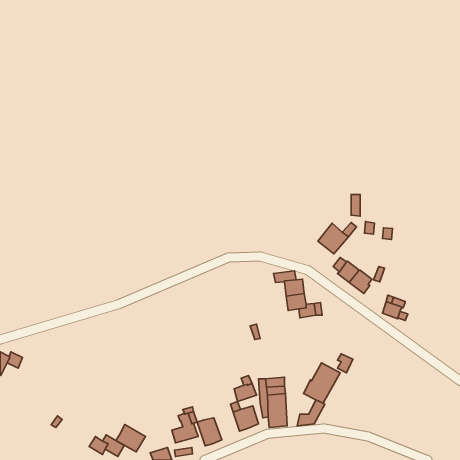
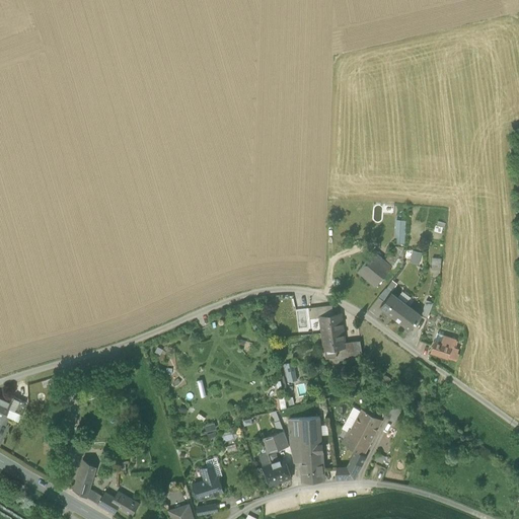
building: none -> [74,459,100,494]
building: [197,418,222,446] -> none
building: [116,424,145,452] -> none

